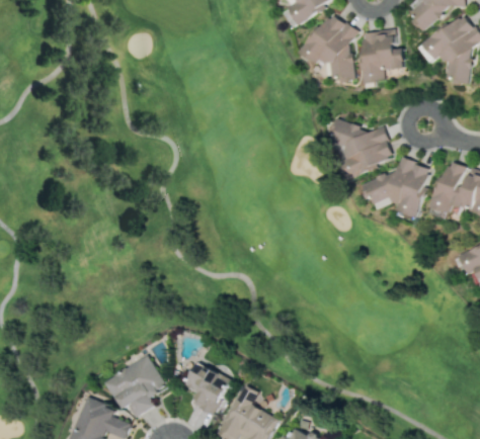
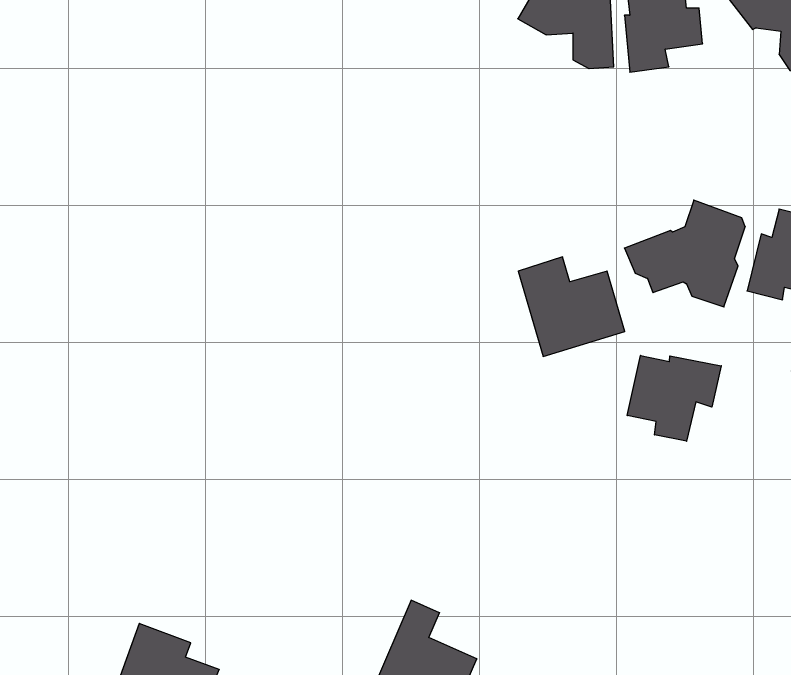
building: [332,118,393,175] -> [518,257,625,356]
building: none -> [627,355,721,441]
building: [102,356,165,418] -> none
building: [185,365,227,414] -> none

